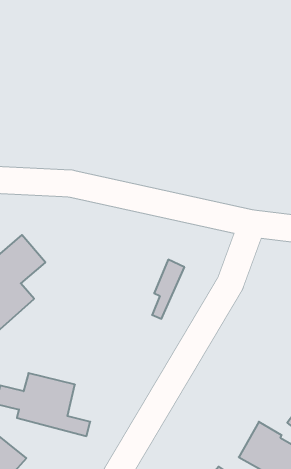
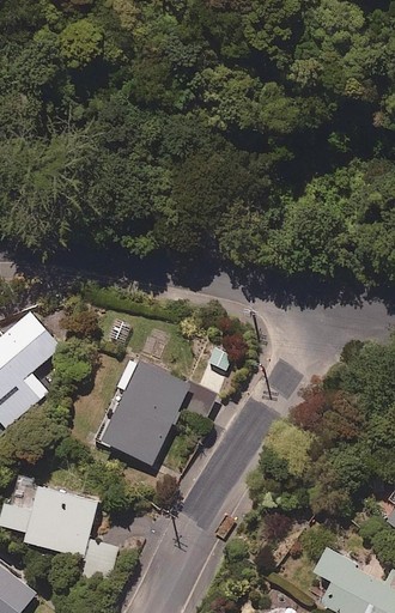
building: none -> [102,356,190,466]

